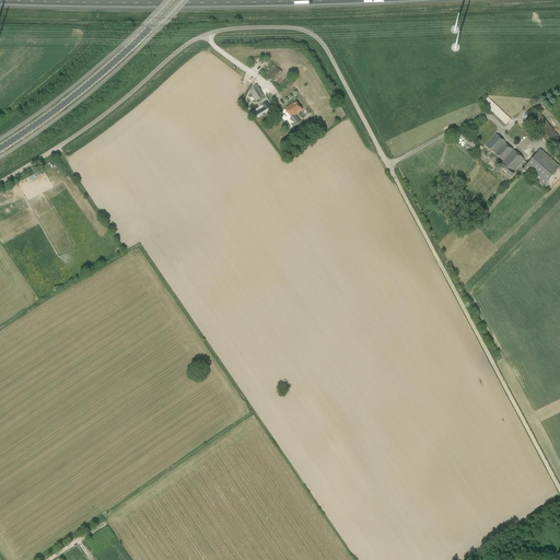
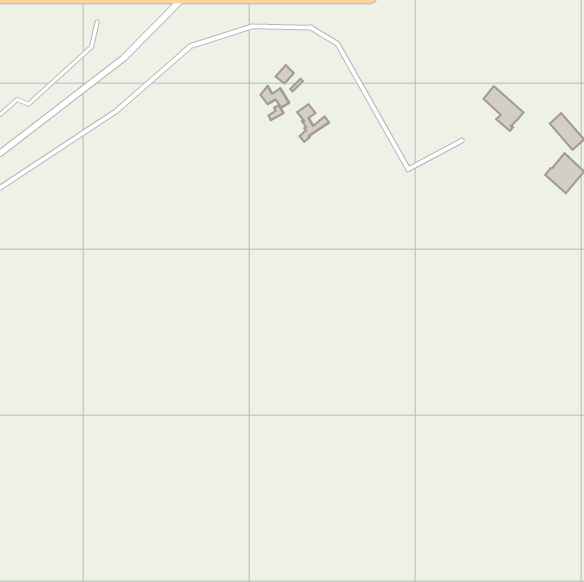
building: [486,132,524,175] -> [484,86,524,131]

